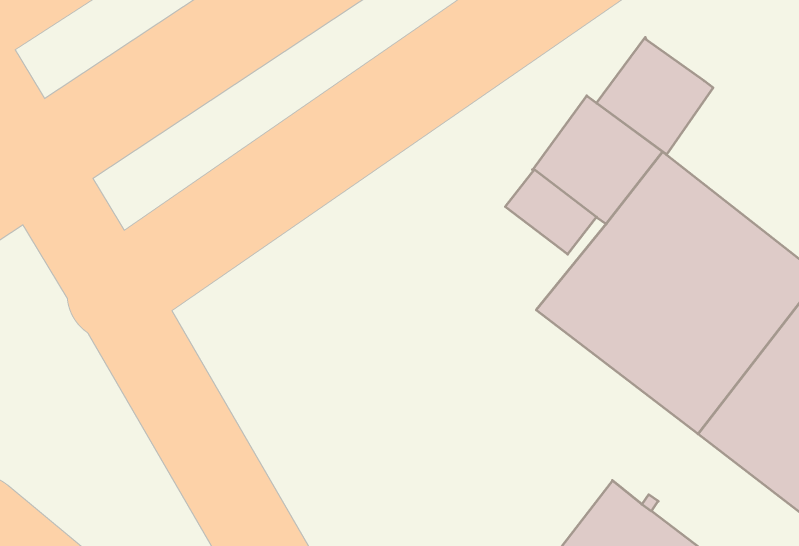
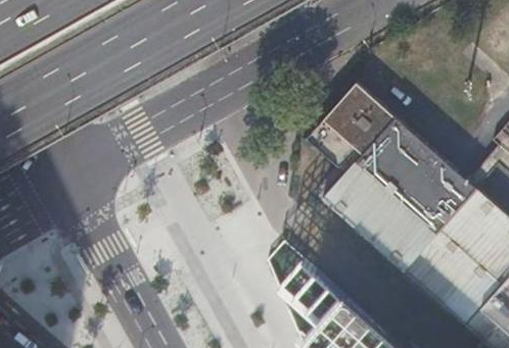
building: [597,37,713,155] -> none

